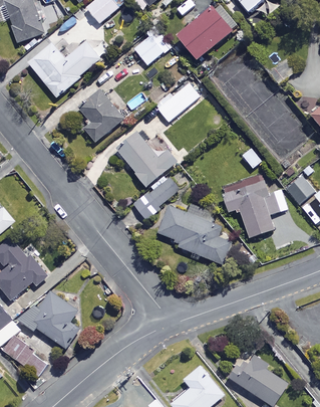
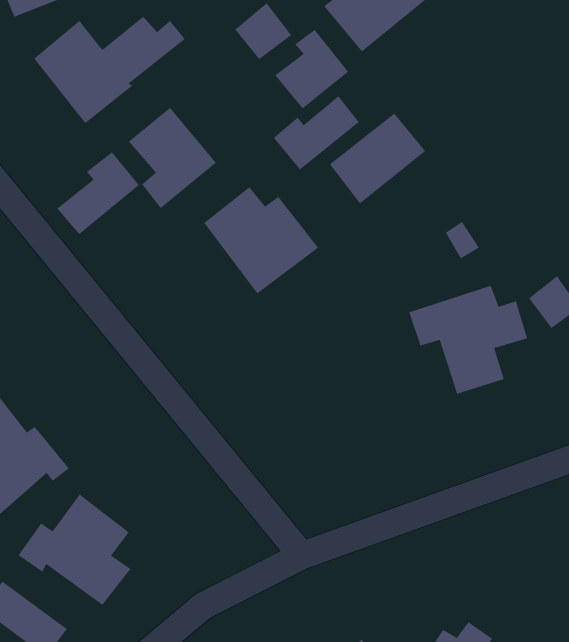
building: none -> [274,29,349,110]
building: none -> [329,112,426,205]
building: none -> [56,151,140,235]
building: [133,177,179,221] -> none
building: [157,205,231,265] -> none

